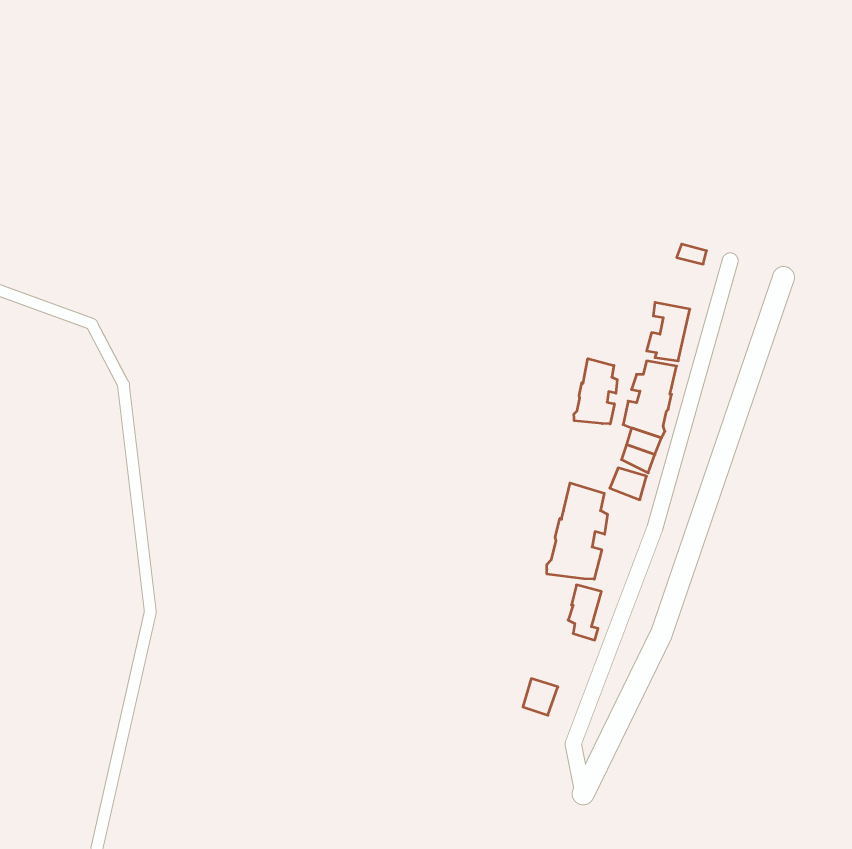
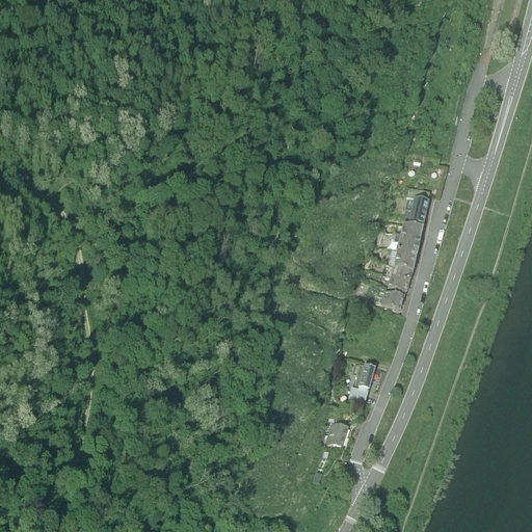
building: [574,359,617,424] -> none
building: [547,483,607,579] -> none

